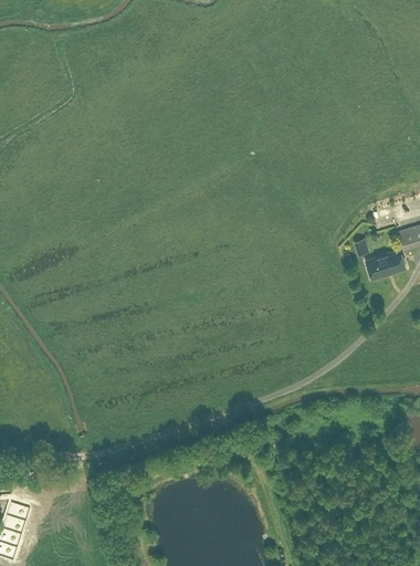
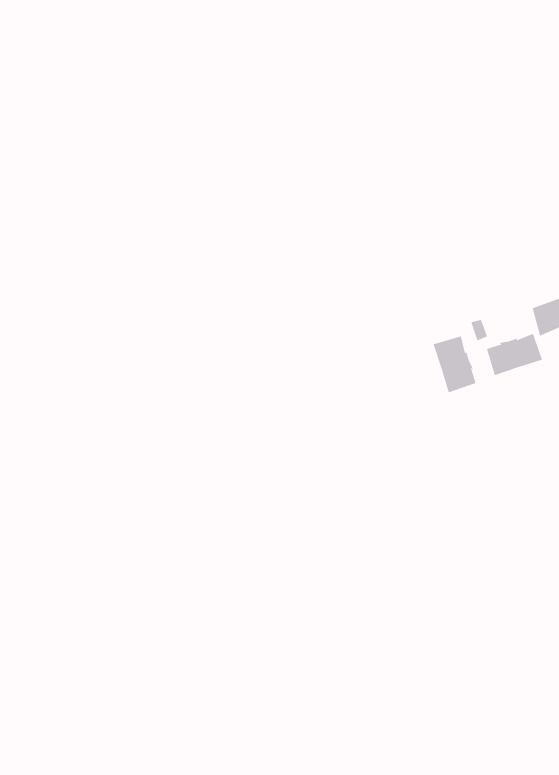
building: none -> [433,336,476,393]

